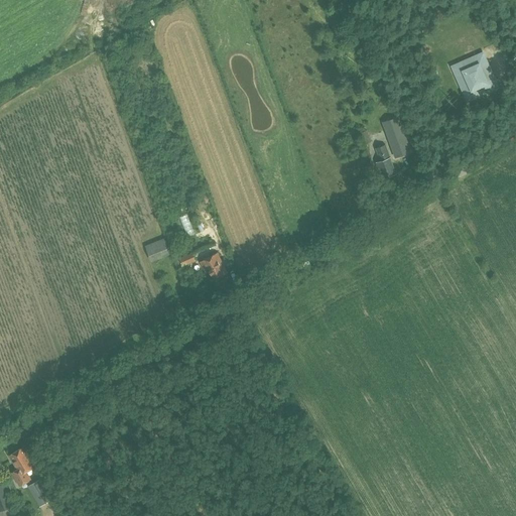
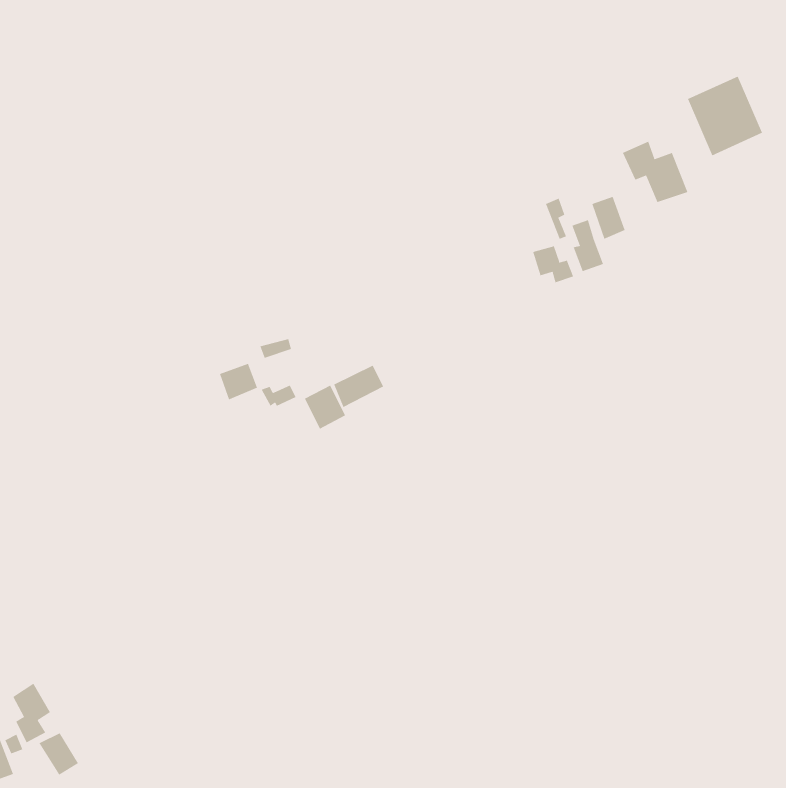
building: none -> [622,141,688,203]
building: none -> [532,246,574,283]
building: none -> [333,365,384,408]

